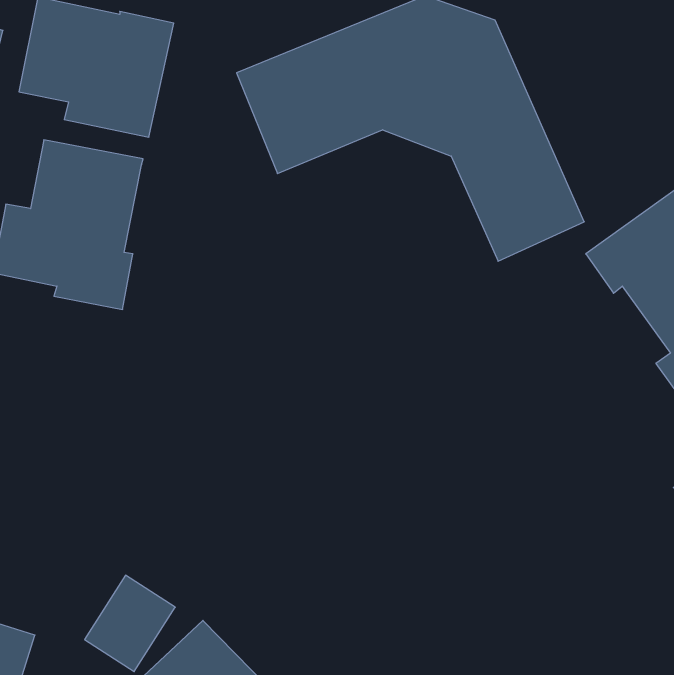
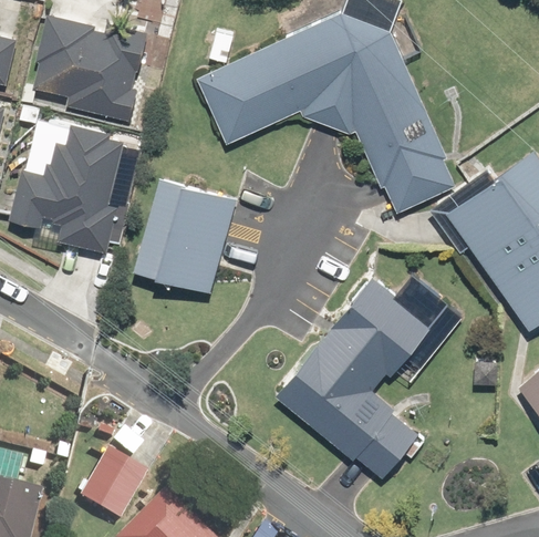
building: none -> [133,180,238,297]
building: none -> [272,279,426,485]

